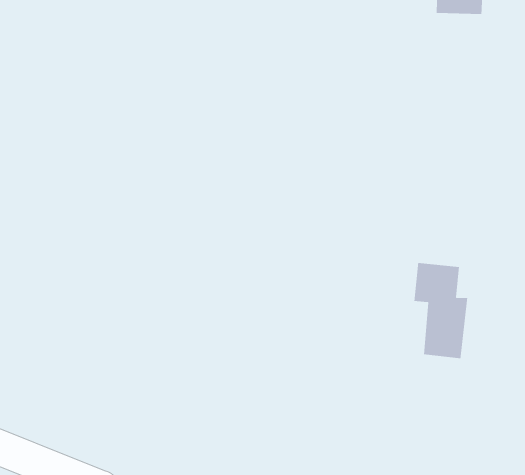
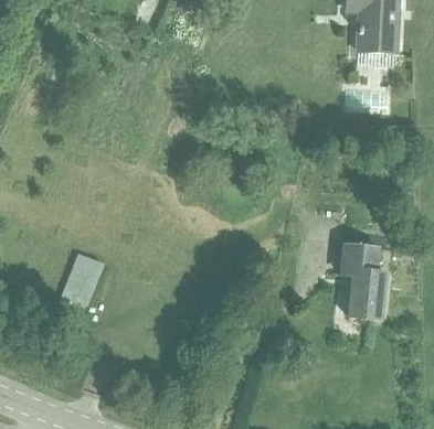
building: none -> [61,253,104,305]

